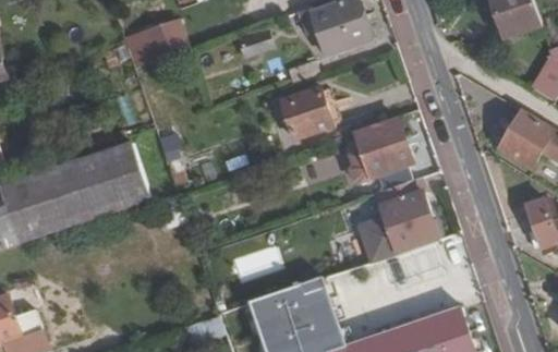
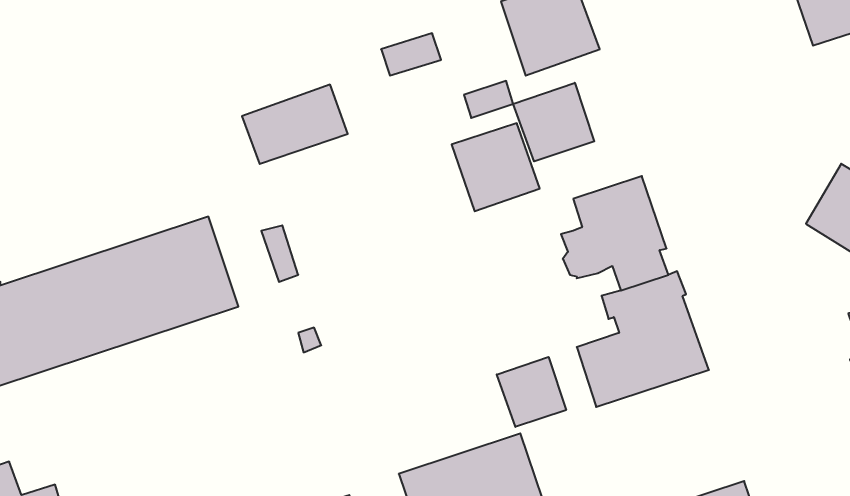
building: [123,19,189,68] -> [242,85,348,164]
building: none -> [513,83,594,161]
building: none -> [497,357,566,427]

